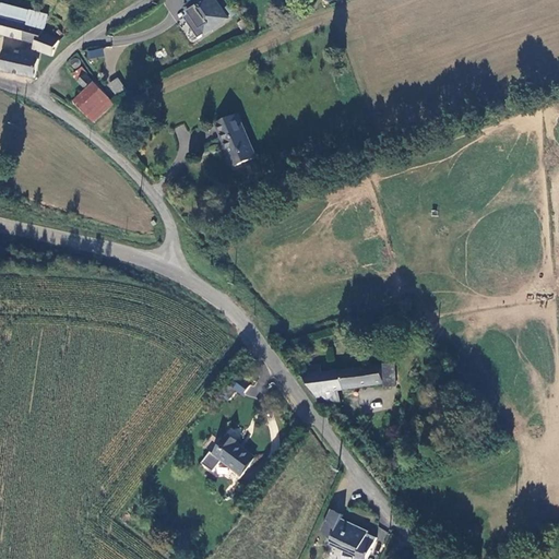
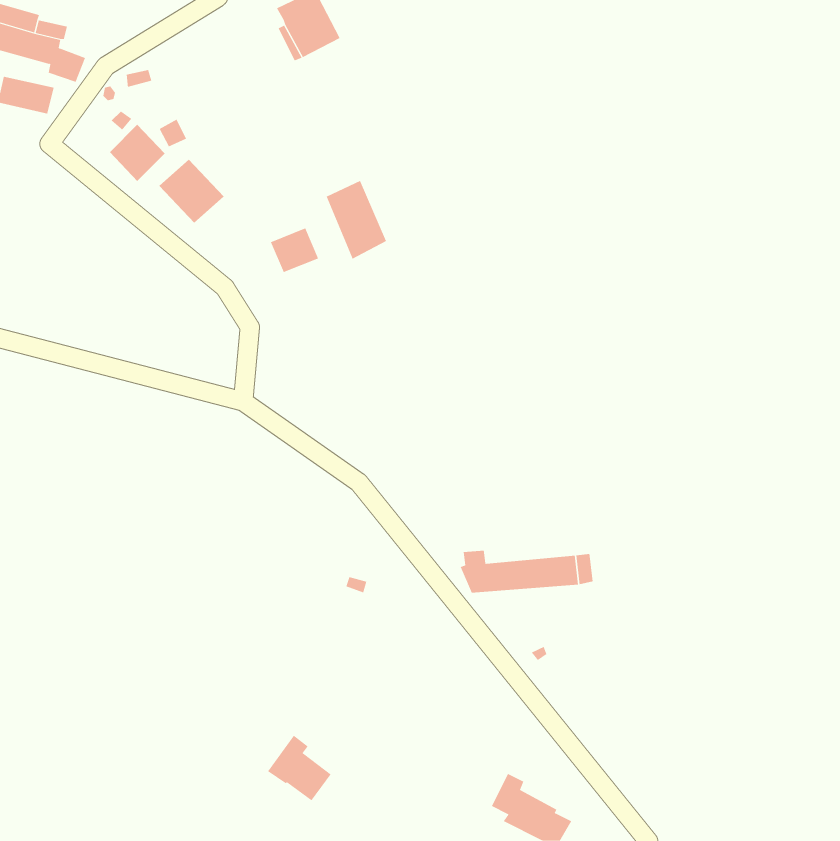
building: none -> [158,159,225,223]
building: none -> [270,228,319,273]
building: [207,429,250,473] -> [267,735,332,801]

